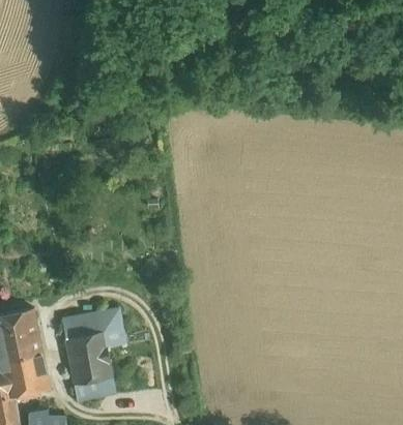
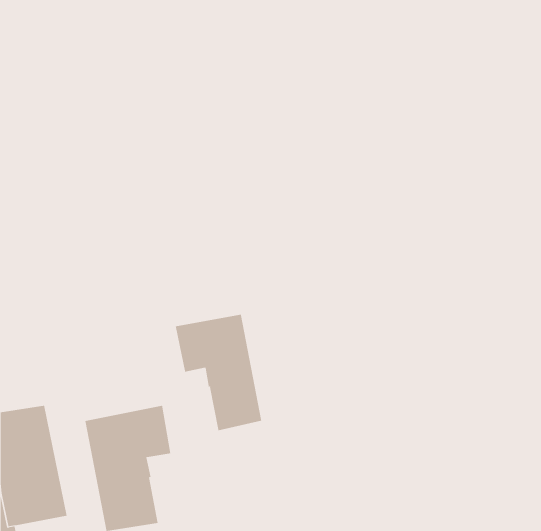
building: none -> [175,314,262,431]

